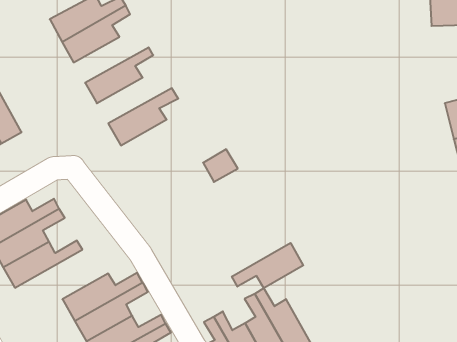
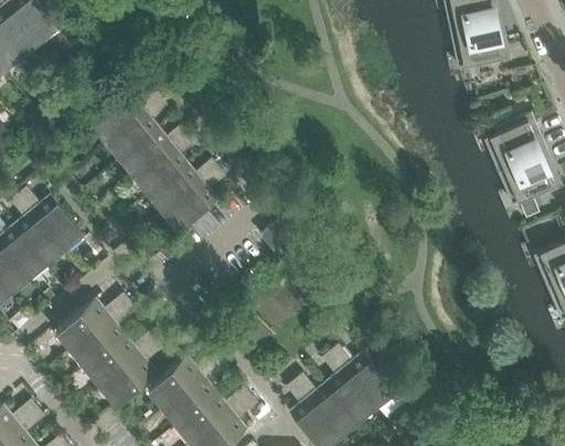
building: none -> [119,127,189,180]
building: none -> [141,163,217,219]
building: [232,243,303,288] -> none
building: none -> [99,340,164,405]

